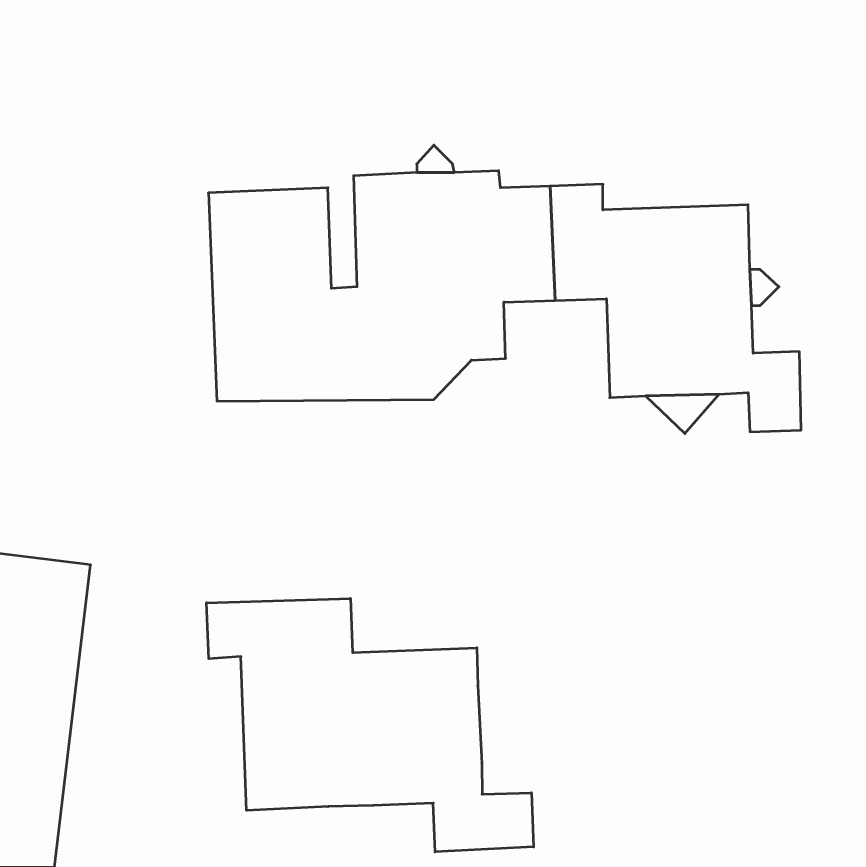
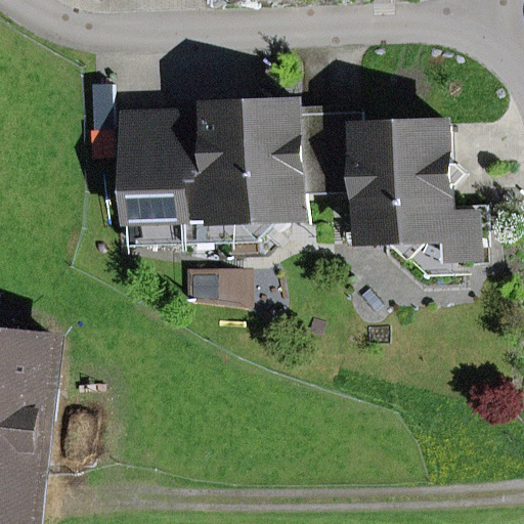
building: [207,598,534,852] -> none

